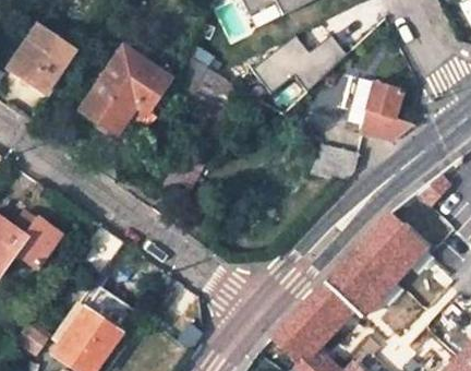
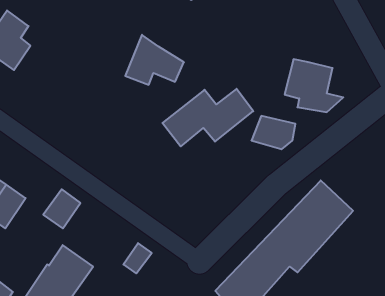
building: [247,29,349,94] -> [162,89,253,146]
building: [83,48,171,134] -> none

